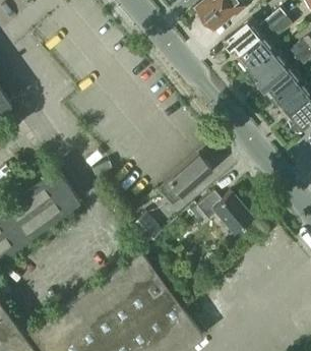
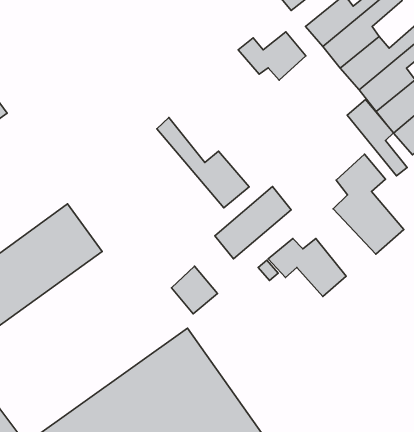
building: none -> [238,32,306,80]
building: none -> [347,100,407,176]
building: none -> [157,118,249,208]
building: none -> [333,154,404,254]

